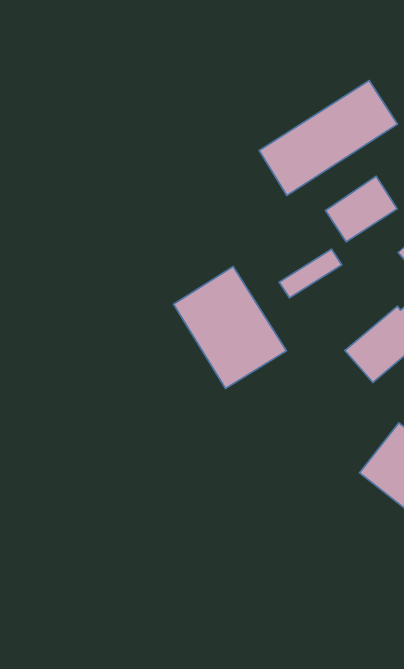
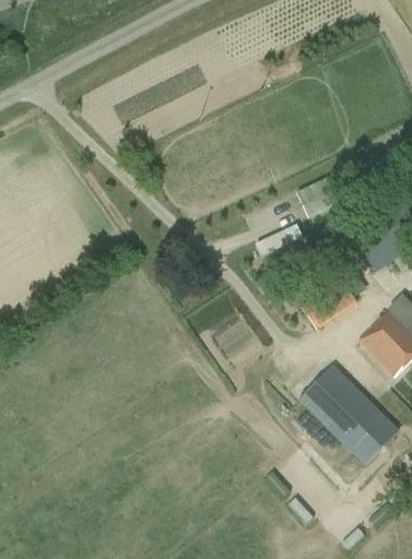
building: [259,80,397,196] -> none
building: [174,267,286,389] -> none

